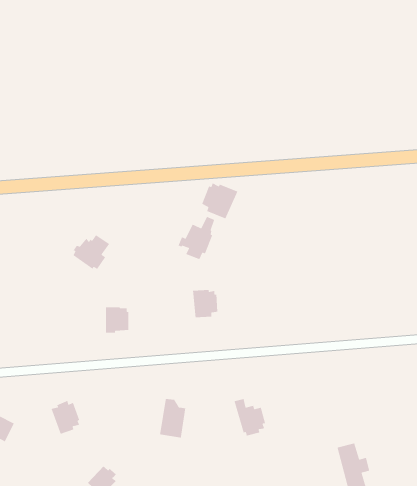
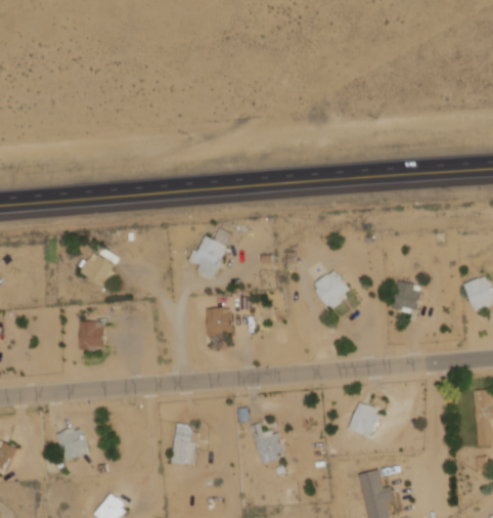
building: [201,182,239,219] -> none
building: none -> [313,270,349,309]
building: none -> [392,282,421,313]
building: [105,306,129,333] -> [79,321,104,350]
building: none -> [347,402,382,436]

